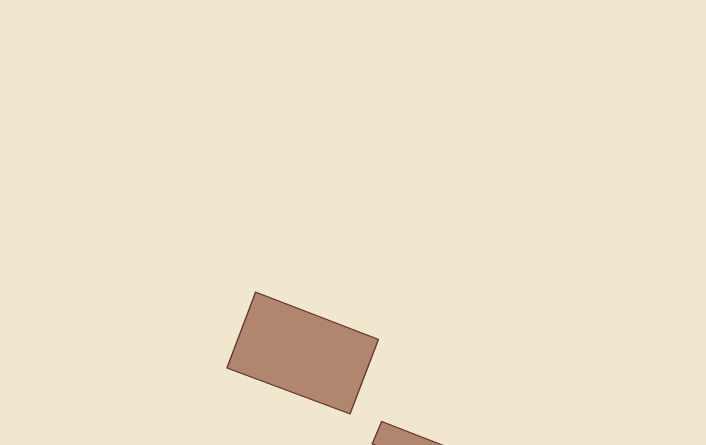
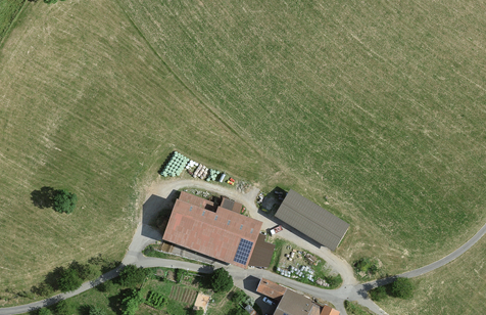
building: none -> [275,187,350,250]

